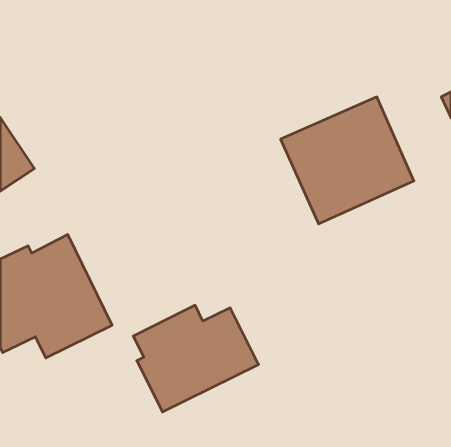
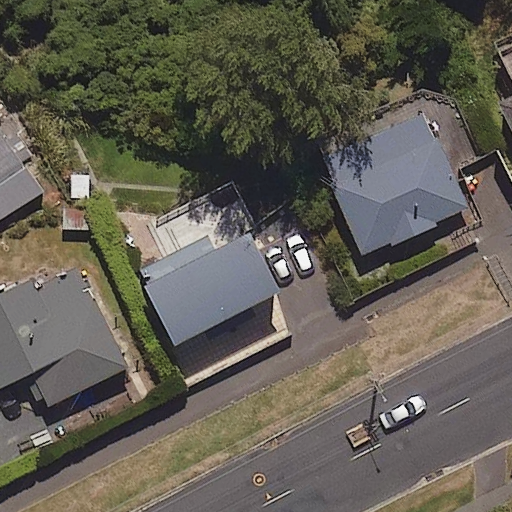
building: [133,305,259,412] -> [141,231,283,352]

